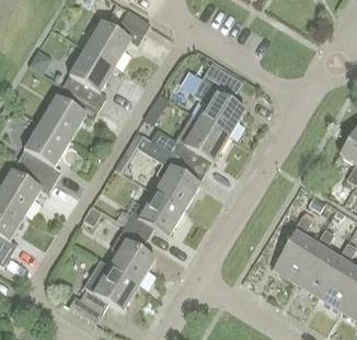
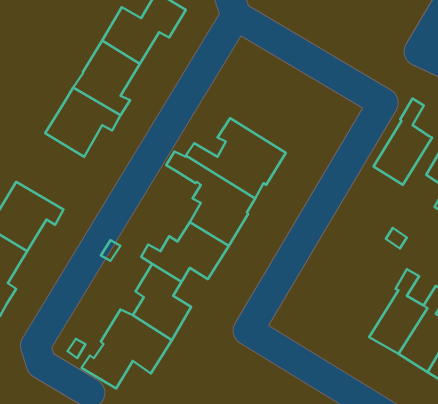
building: [185,65,244,137] -> none
building: [16,122,70,182] -> none
building: [272,215,318,283] -> [374,99,432,185]

